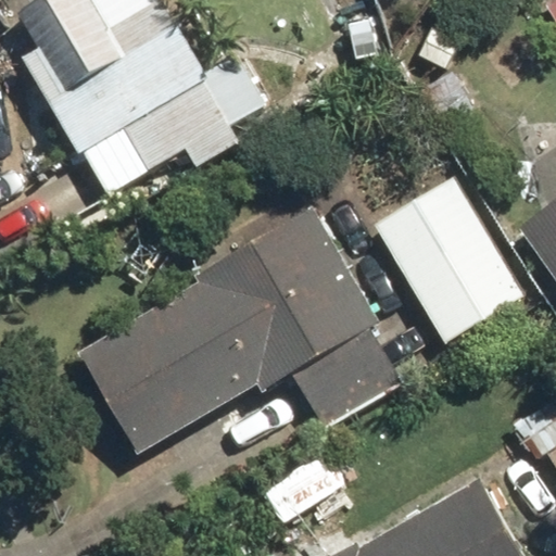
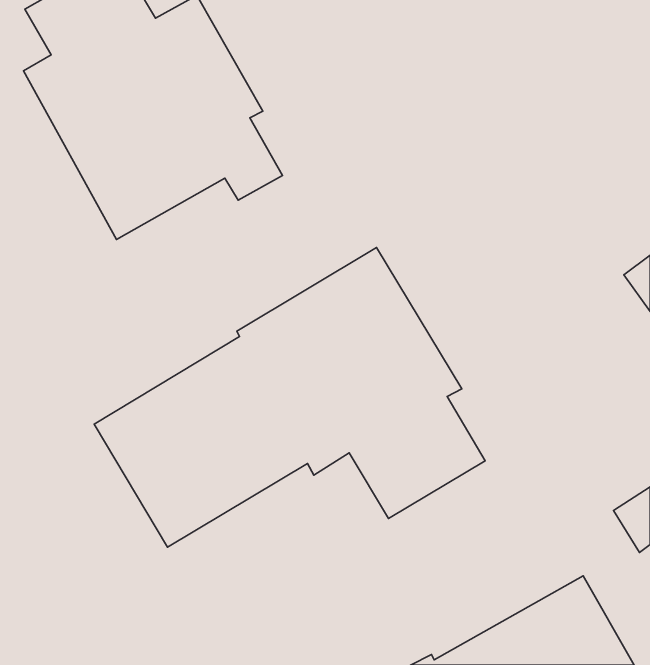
building: [372,176,525,344] -> none

